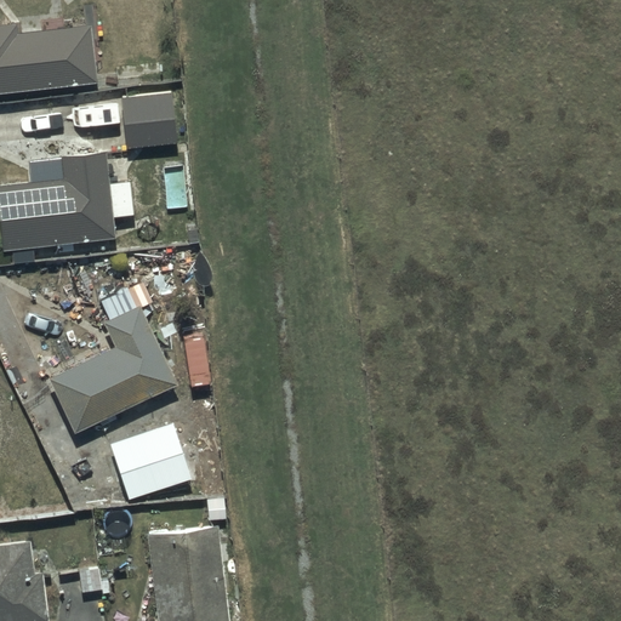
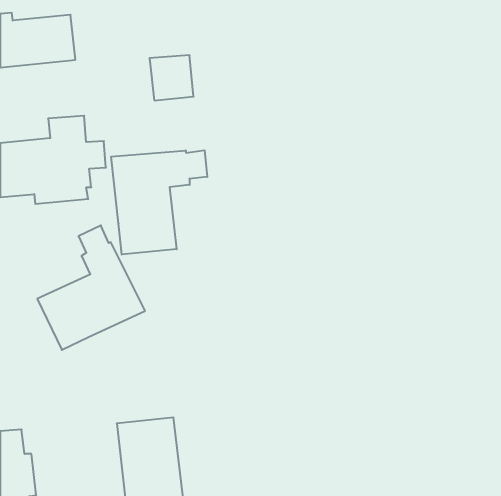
building: [119,93,173,149] -> [149,55,194,100]
building: none -> [111,150,207,255]
building: [101,428,195,506] -> none

